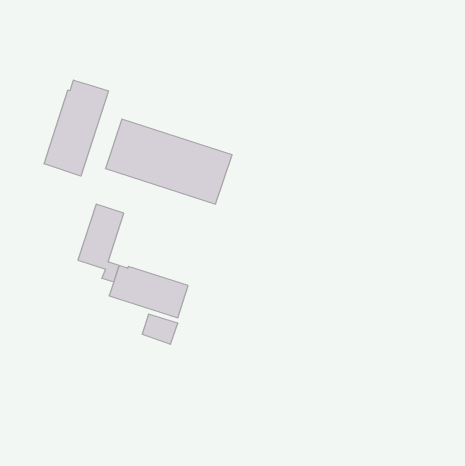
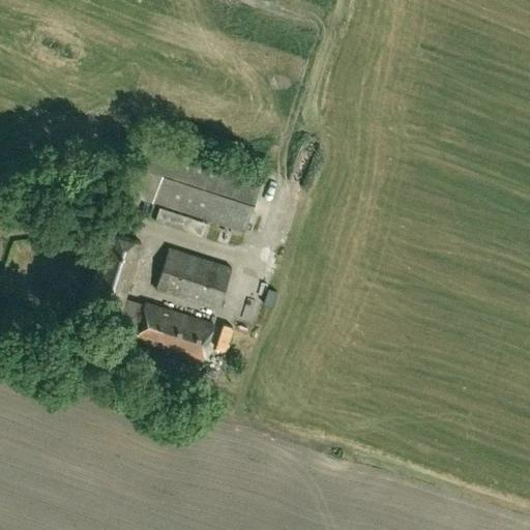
building: [44,80,109,176] -> none
building: none -> [157,249,236,313]

